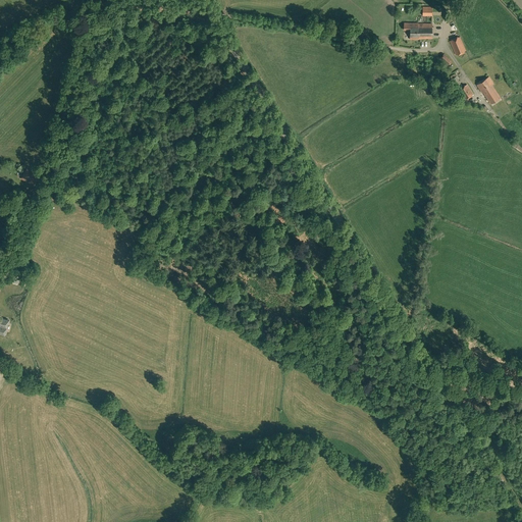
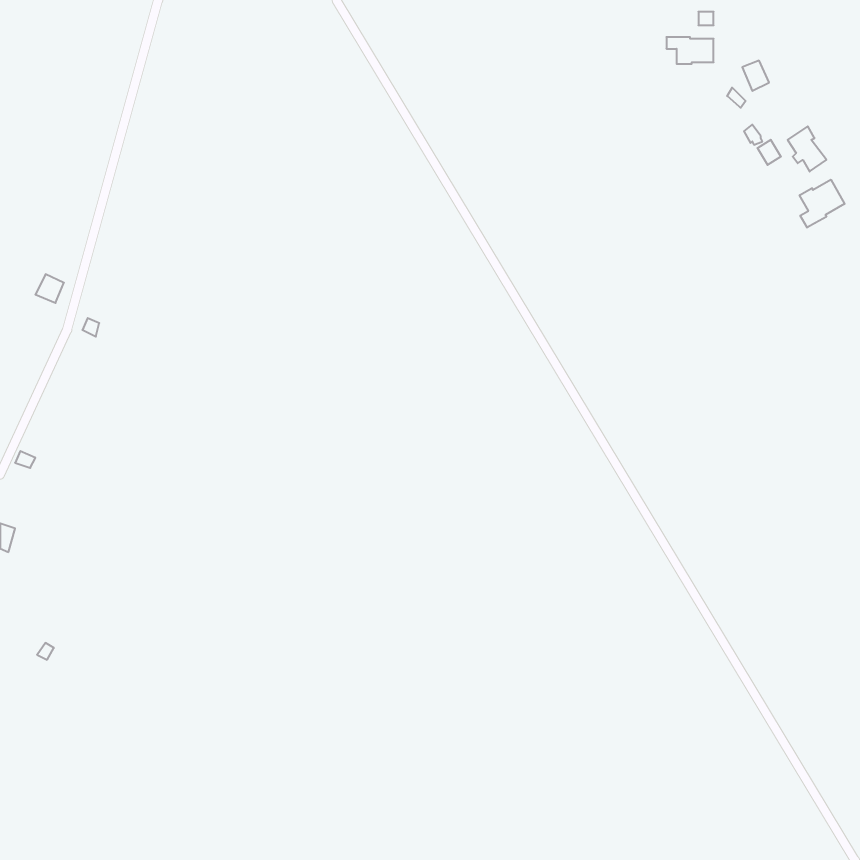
building: none -> [800,180,845,228]

